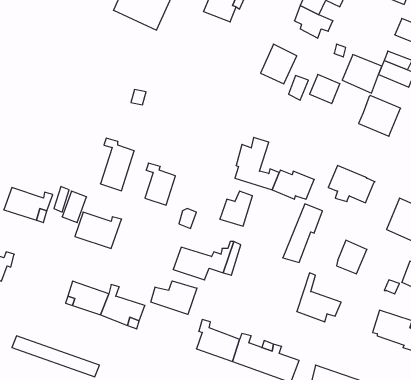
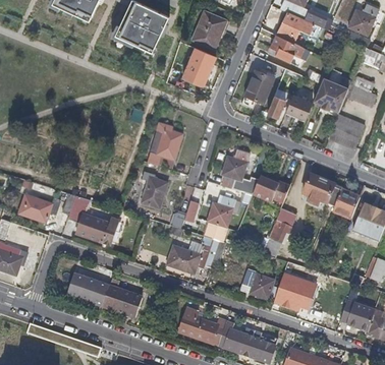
building: none -> [183,48,214,85]
building: [100,138,134,191] -> [154,122,183,168]
building: [337,240,367,274] -> [333,189,360,219]
building: none -> [242,270,274,299]
building: [151,281,197,314] -> none

